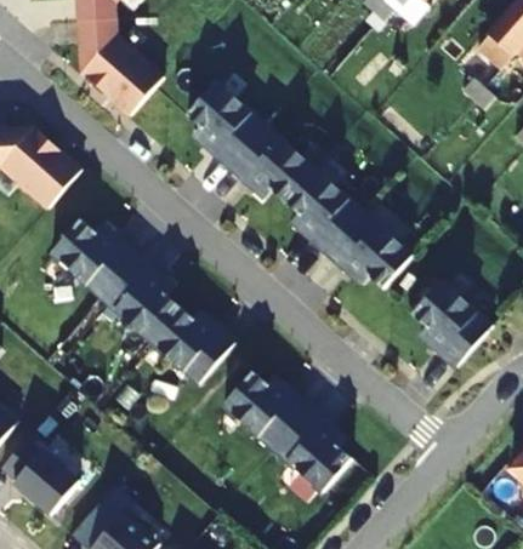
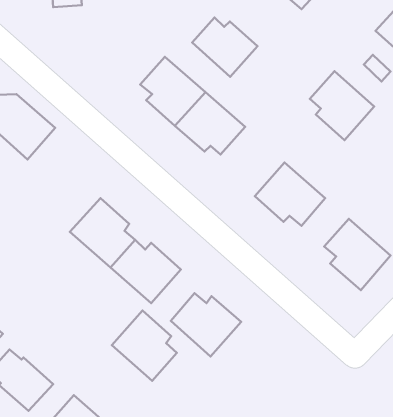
building: [79,17,163,114] -> none
building: none -> [192,17,257,77]
building: [284,166,363,251] -> [310,71,374,140]
building: [51,217,137,294] -> none
building: [272,405,352,491] -> [112,310,177,381]

